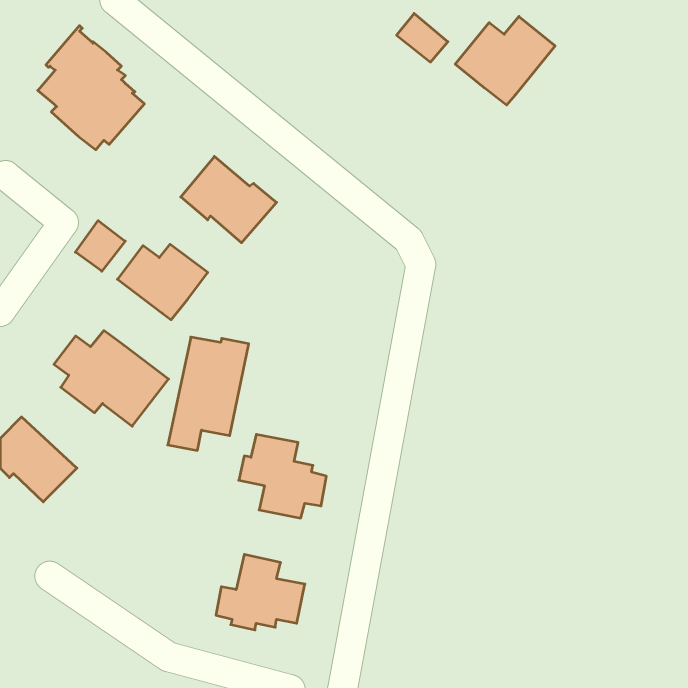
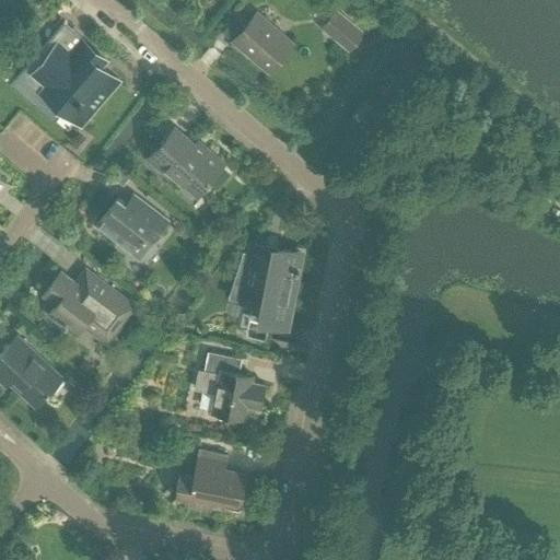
building: none -> [233,14,293,73]
building: [455,16,555,105] -> none
building: [75,221,125,271] -> none
building: [168,337,249,450] -> [235,249,301,341]

